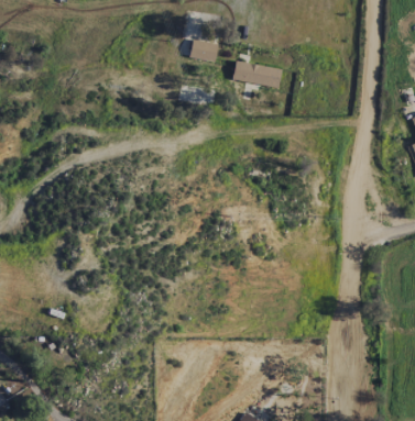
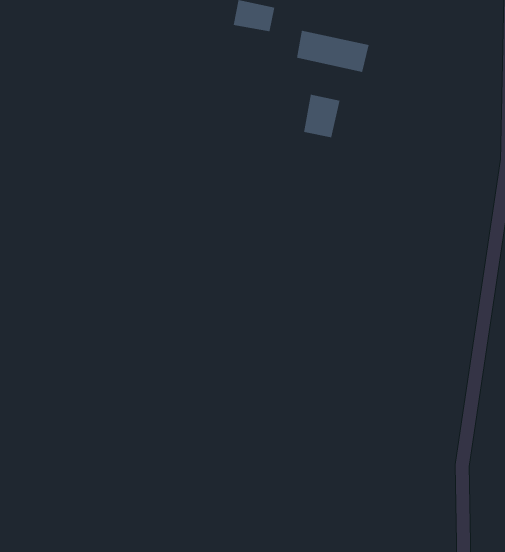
building: none -> [303,94,340,138]

